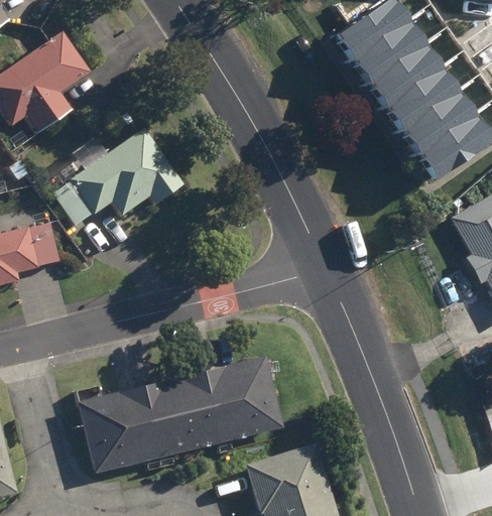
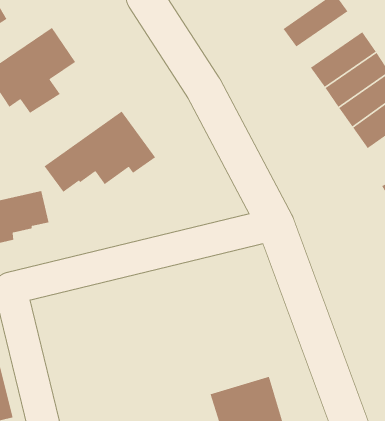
building: [349,14,426,80] -> none
building: [78,355,285,472] -> none

